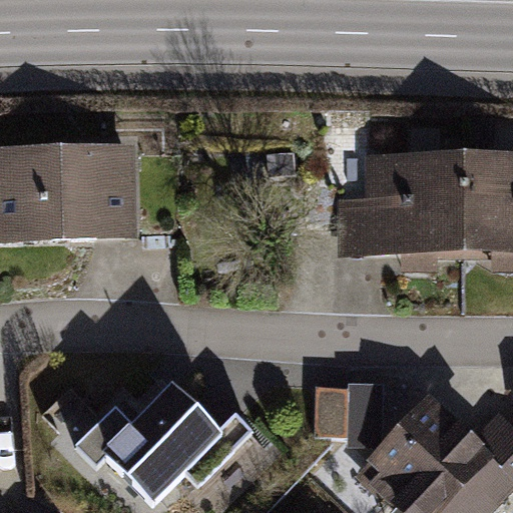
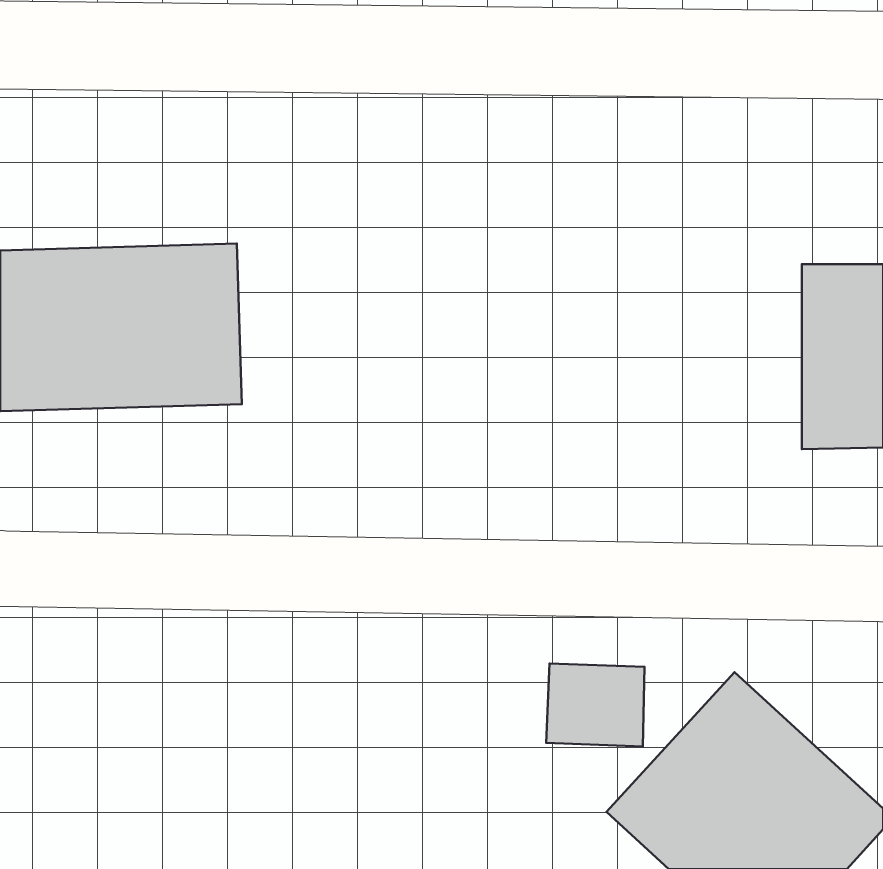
building: [332,153,465,261] -> none
building: [98,376,222,500] -> none

